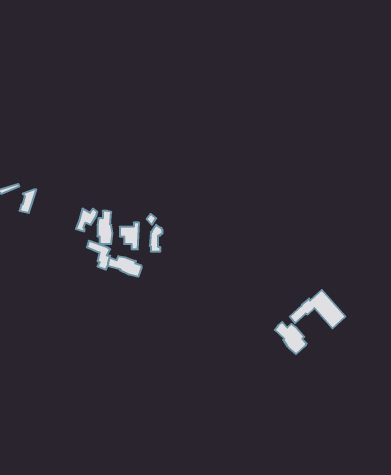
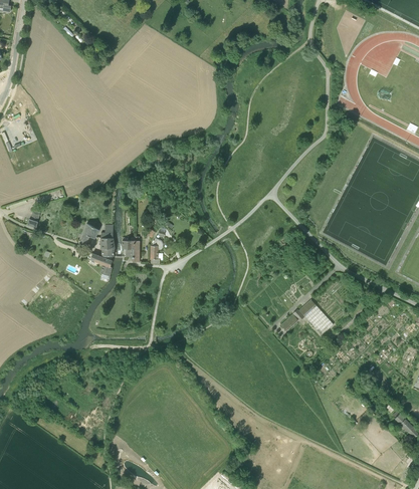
building: [108,256,141,277] -> none
building: [275,322,307,354] -> none

